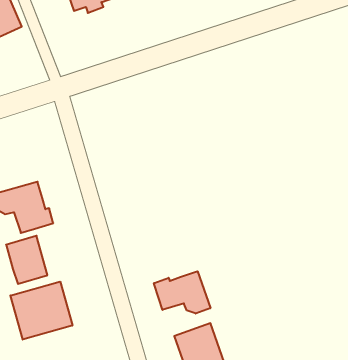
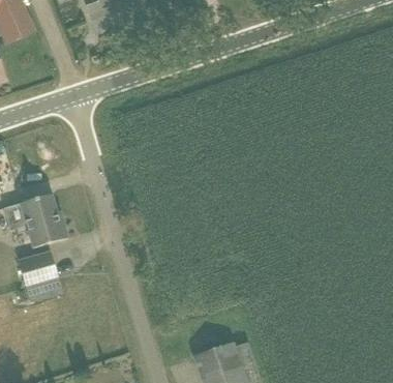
building: [154,271,210,314] -> none
building: [10,282,72,340] -> none

